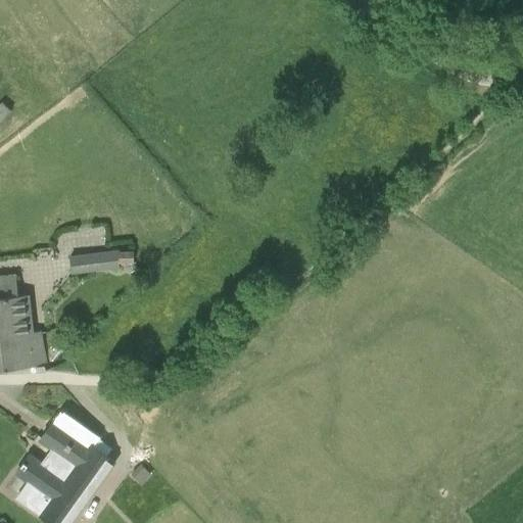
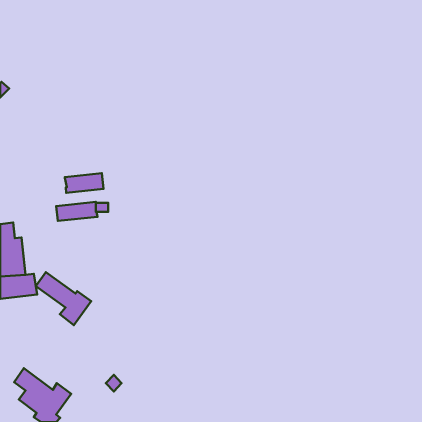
building: none -> [65,173,103,193]
building: [41,421,109,486] -> [36,272,91,325]

